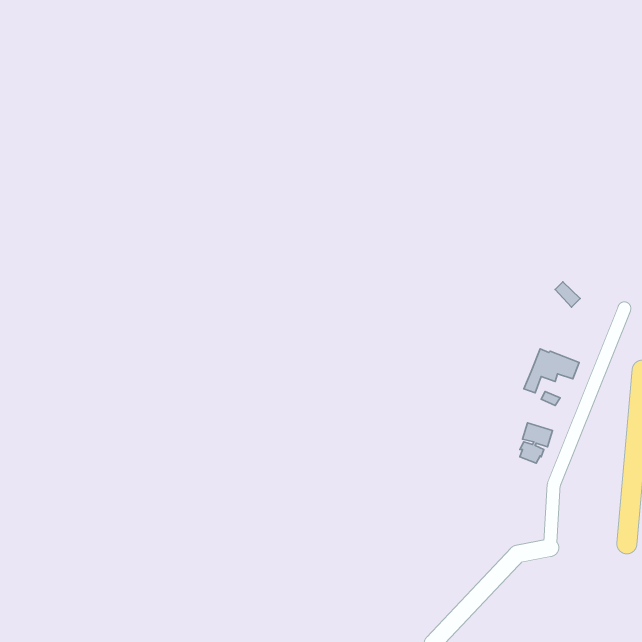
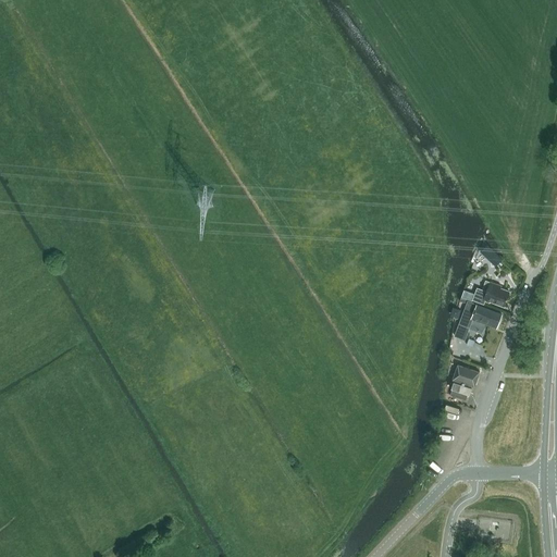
building: none -> [471,282,508,307]

